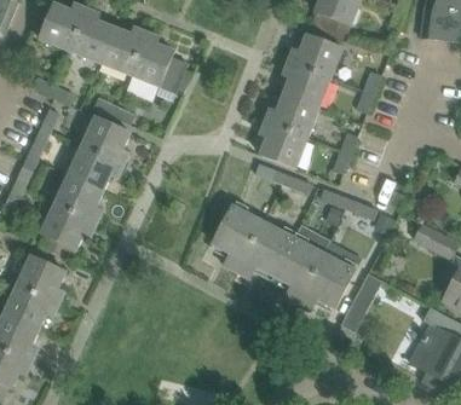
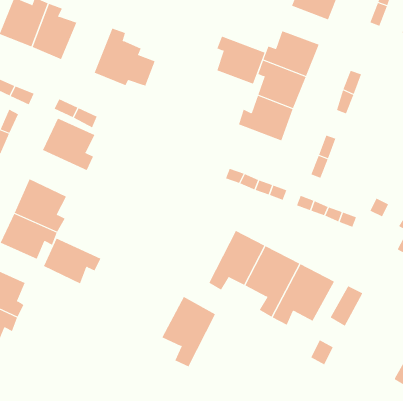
building: [99,27,146,74] -> none
building: [260,122,306,168] -> [216,36,265,85]
building: [69,146,123,190] -> [43,238,101,284]
building: [212,204,263,271] -> [162,296,216,367]

